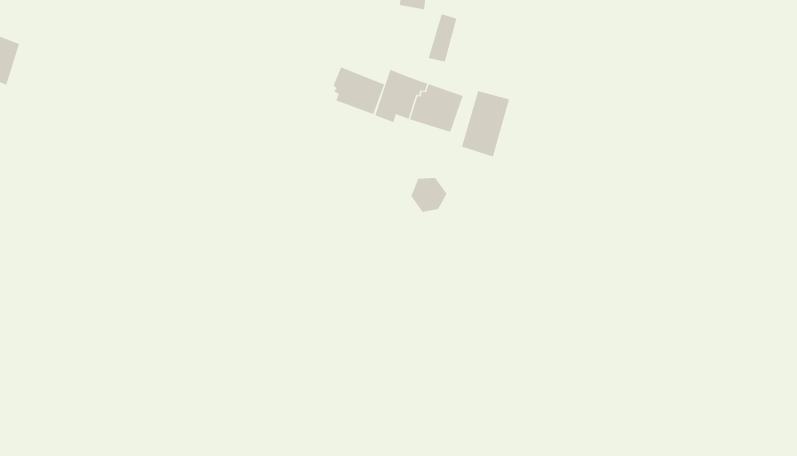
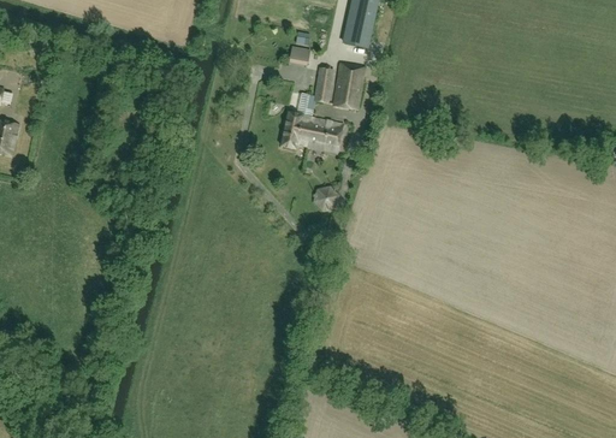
building: [333,67,385,115] -> none
building: [461,91,510,157] -> [333,61,365,108]

